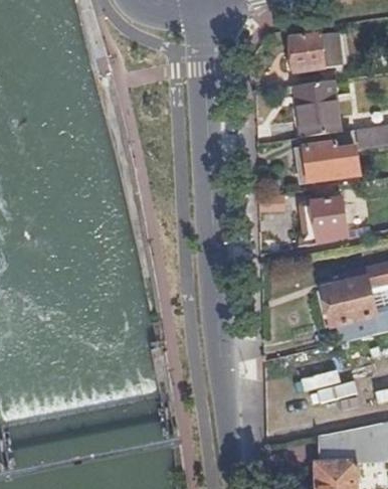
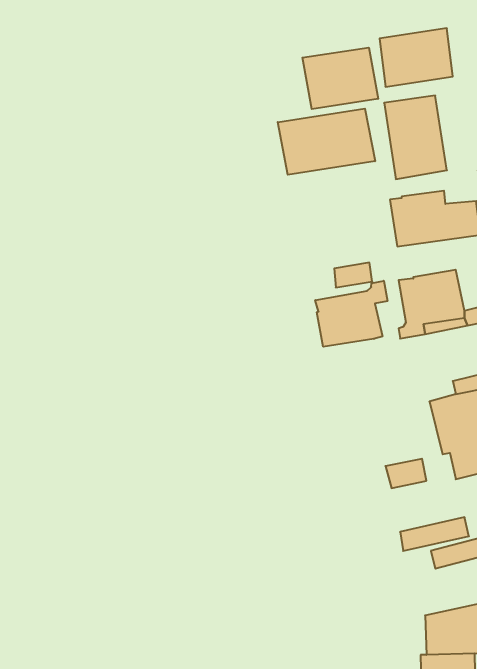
building: none -> [302,48,378,109]
building: none -> [278,109,375,175]
building: none -> [315,281,387,347]

